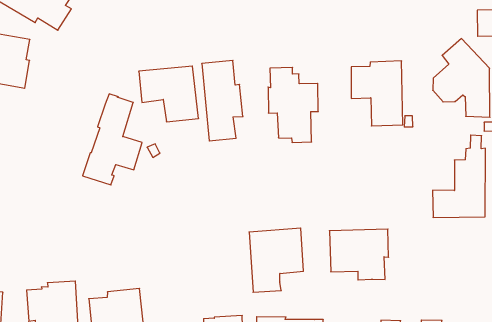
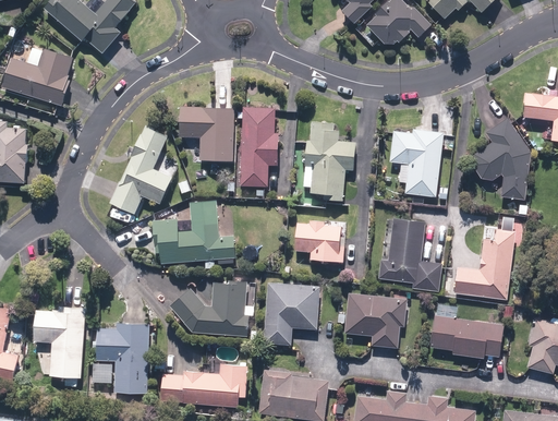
building: none -> [377,217,442,292]
building: none -> [151,200,235,264]
building: none -> [294,219,345,262]
building: none -> [428,304,505,359]
building: none -> [169,279,247,336]

